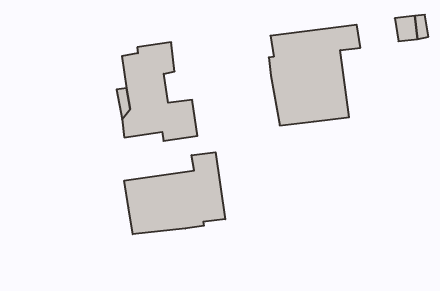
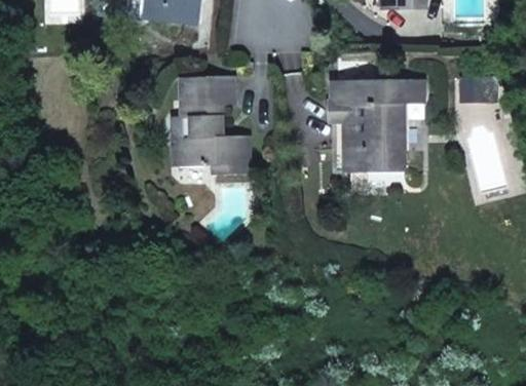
building: [124,152,225,234] -> none

